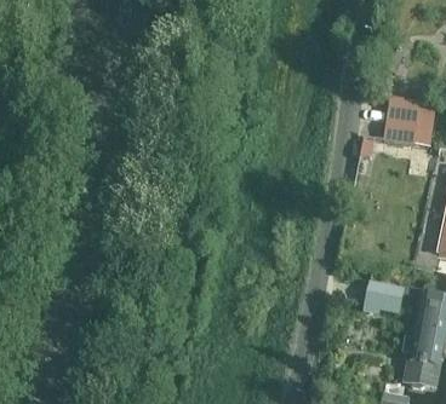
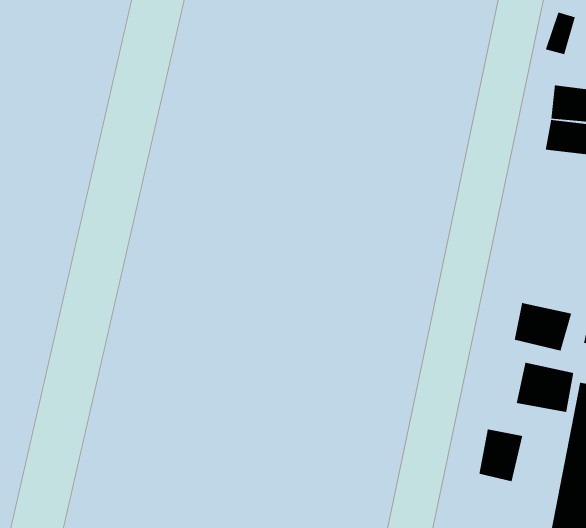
building: none -> [514,302,572,352]
building: none -> [478,428,523,482]

